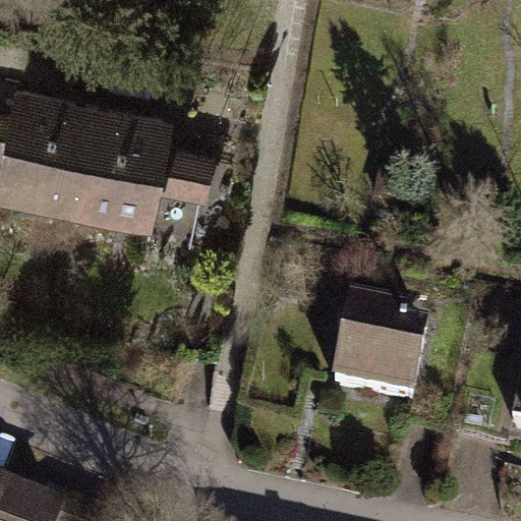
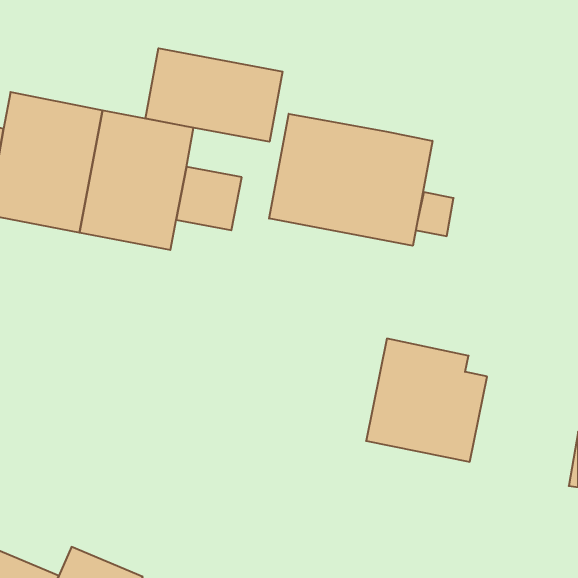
building: none -> [145,48,283,142]
building: none -> [269,114,432,246]

